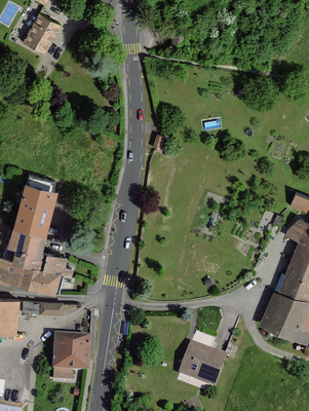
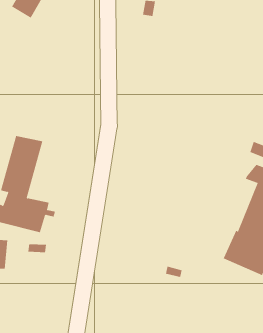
building: [53,338,89,380] -> none
building: [175,344,223,388] -> none

